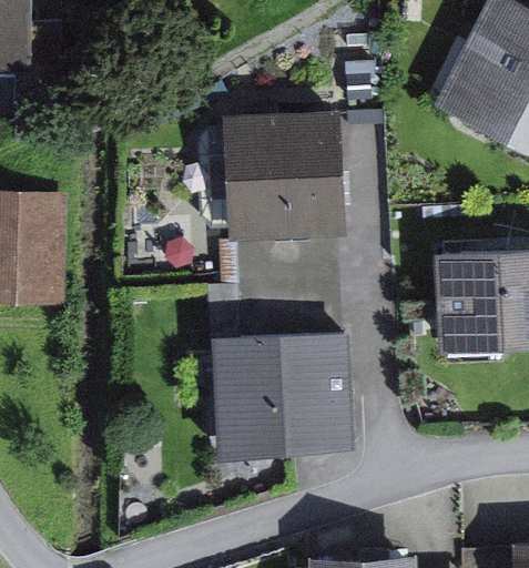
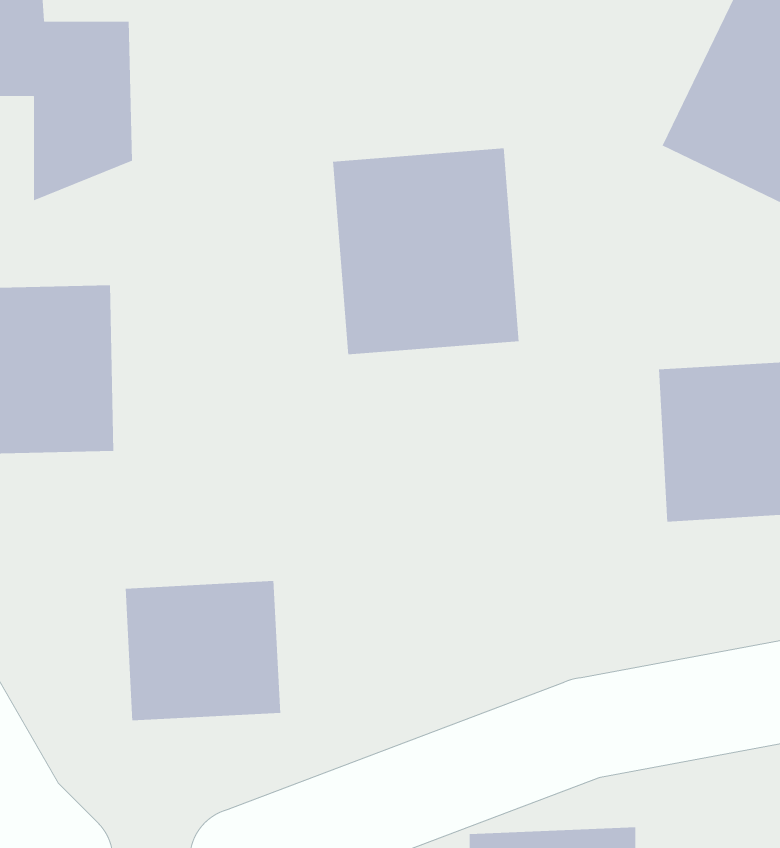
building: [213,328,348,459] -> none
building: none -> [125,580,281,721]

